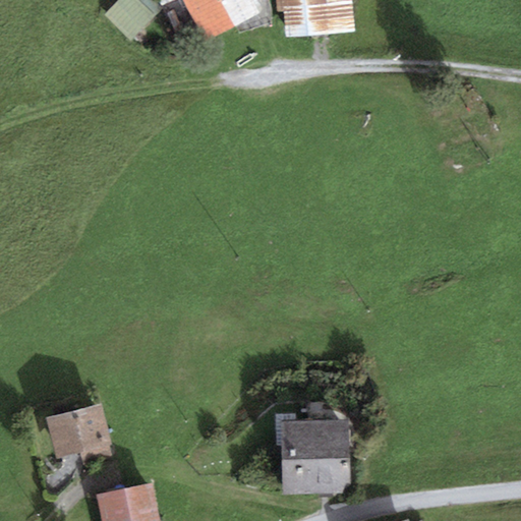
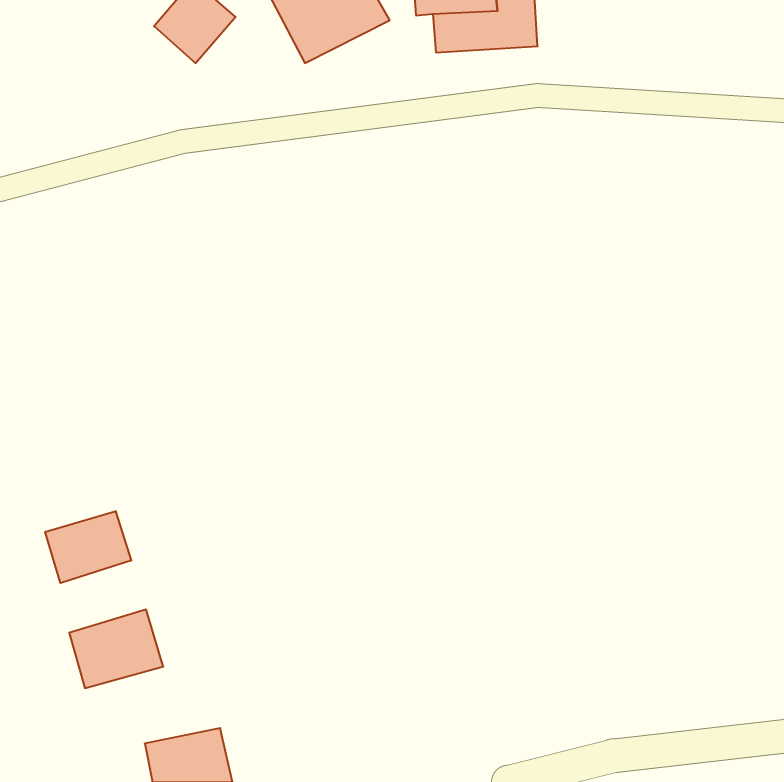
building: none -> [45,511,131,583]
building: [279,424,349,487] -> none

